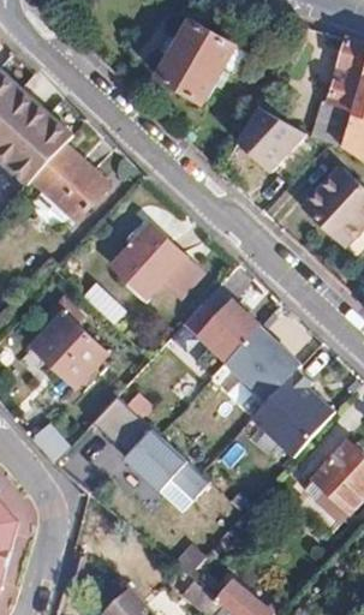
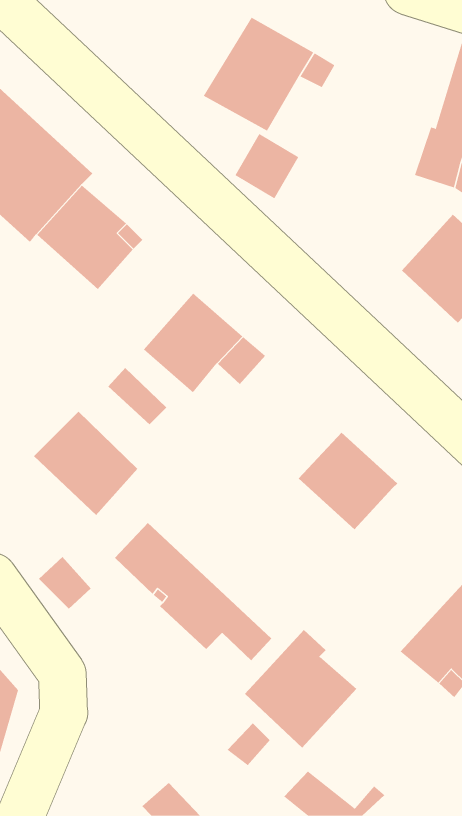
building: [238,111,286,160] -> [235,133,299,199]
building: [181,286,257,376] -> none
building: [251,370,335,459] -> [244,629,357,749]

